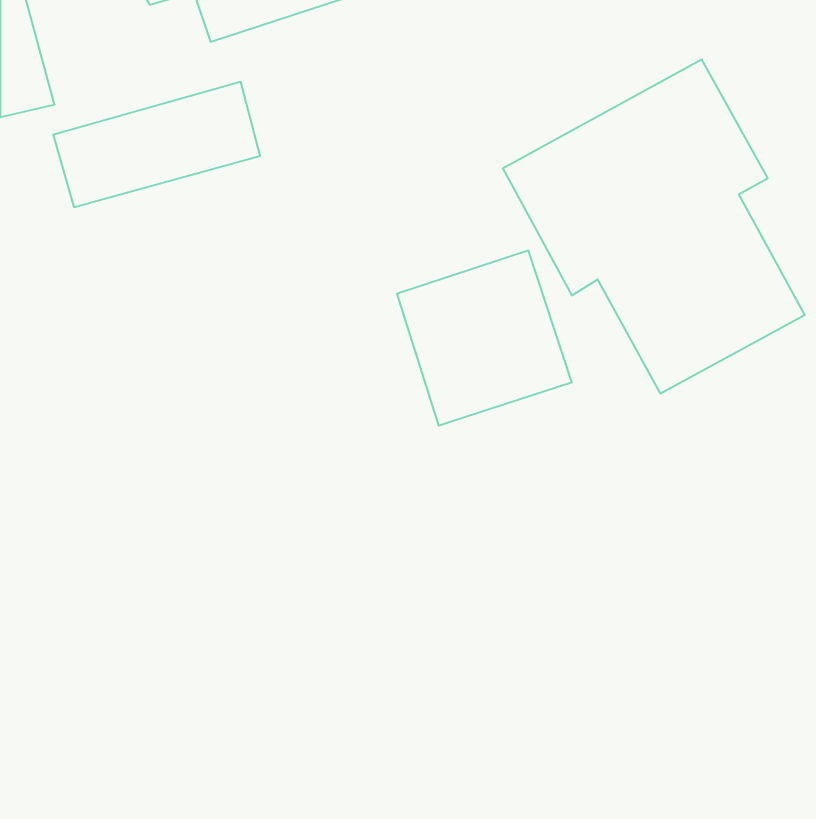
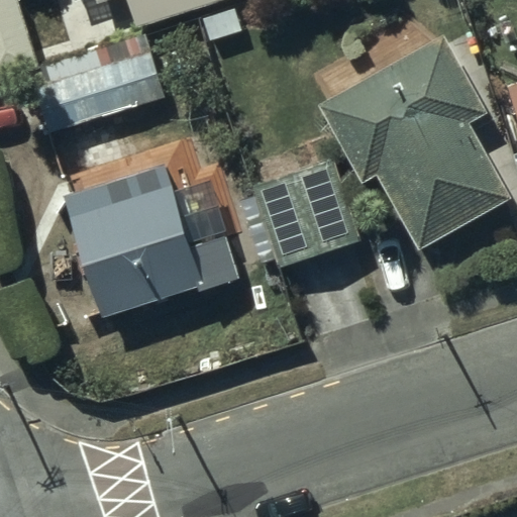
building: none -> [65,165,203,315]

